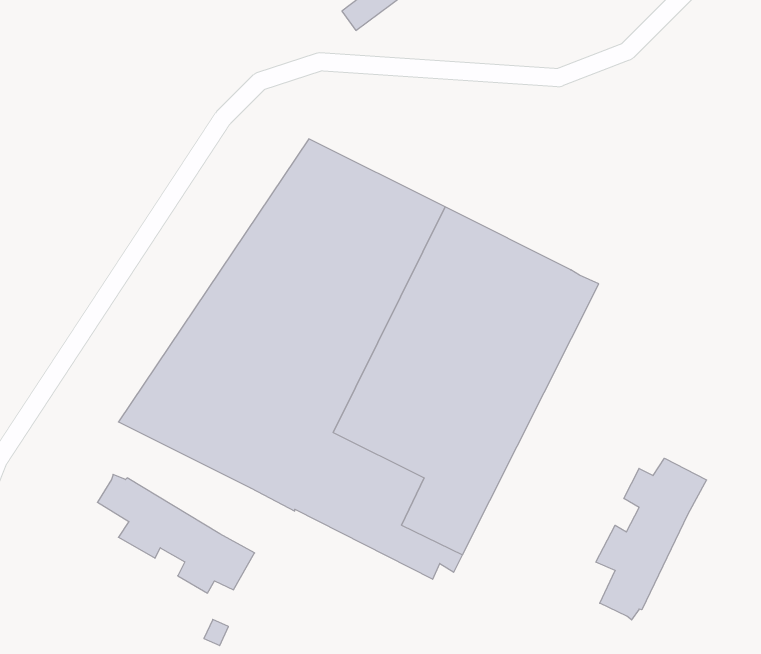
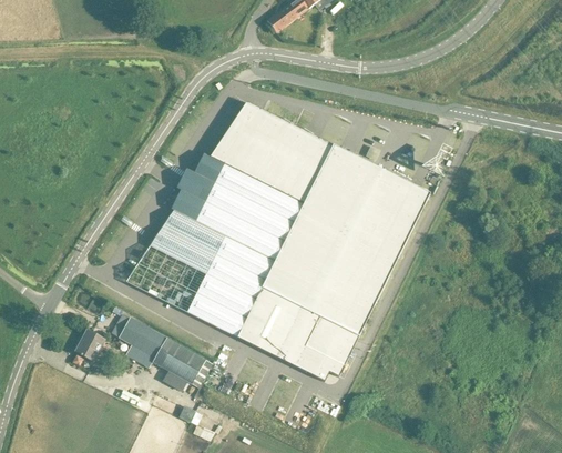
building: [596,458,707,620] -> none
building: none -> [74,329,103,359]

